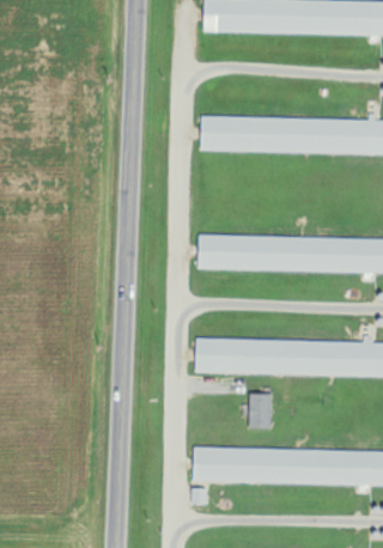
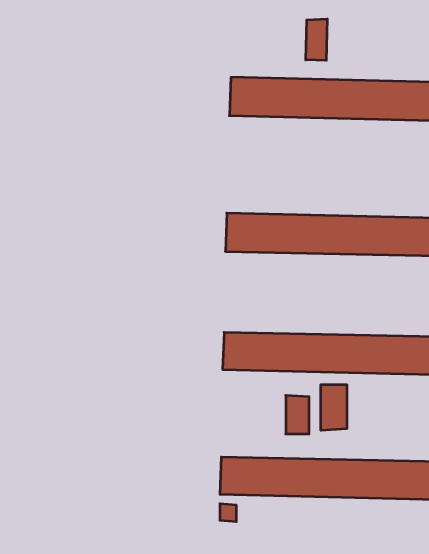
building: none -> [306,19,327,60]
building: none -> [321,385,347,430]

